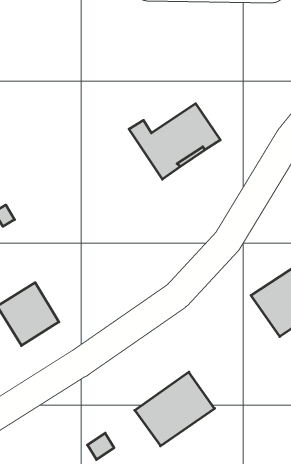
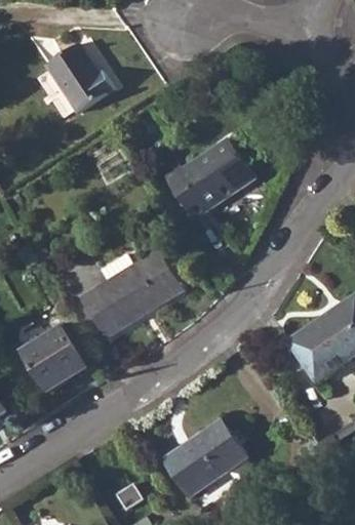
building: none -> [44,43,114,112]
building: none -> [80,249,182,336]

